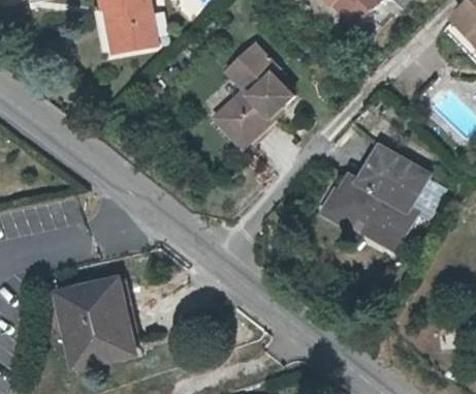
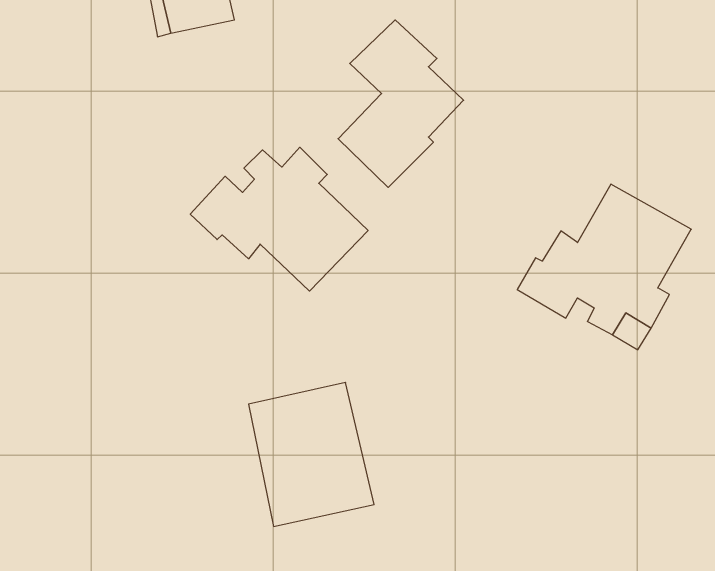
building: none -> [190,147,368,291]
building: [69,283,147,372] -> [249,382,374,526]

